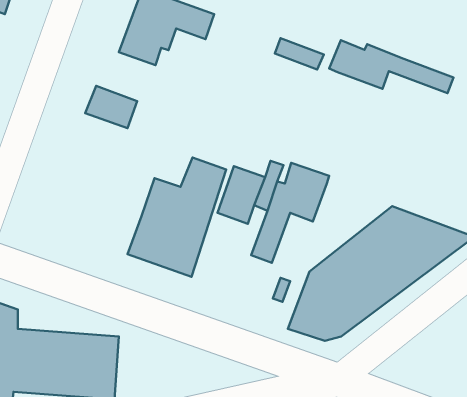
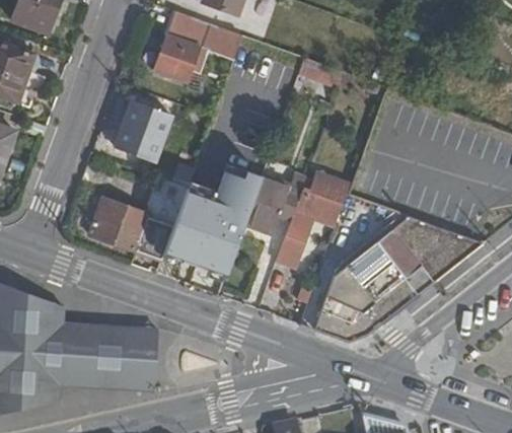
building: [329,40,453,93] -> none
building: none -> [117,125,162,158]
building: none -> [93,173,188,257]

